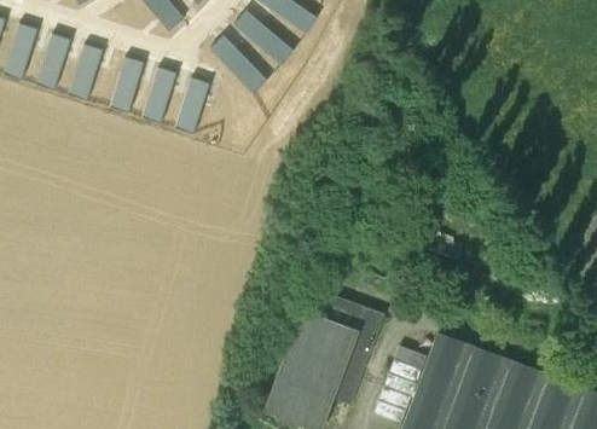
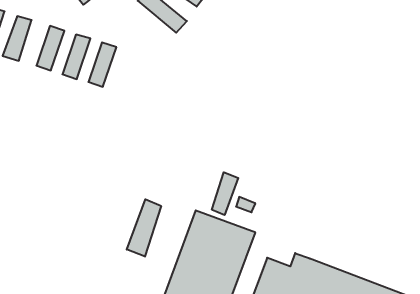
building: [211,35,269,94] -> none
building: none -> [212,172,238,215]
building: none -> [127,199,161,257]

